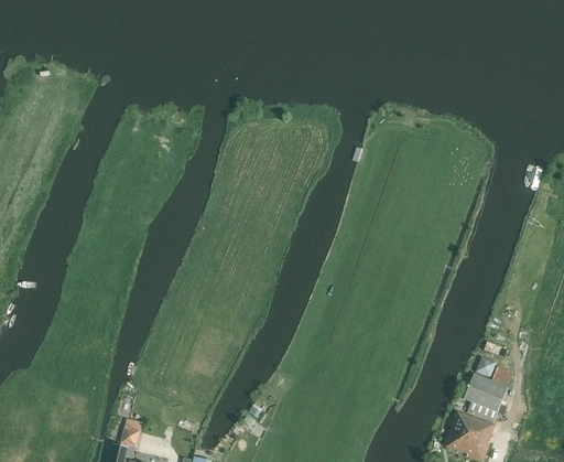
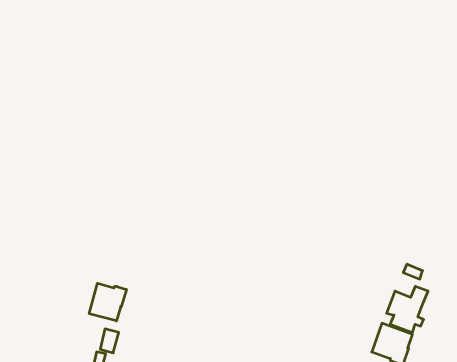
building: none -> [89,283,126,321]

